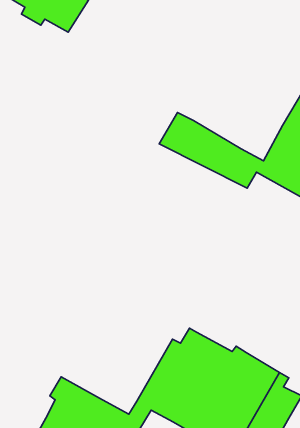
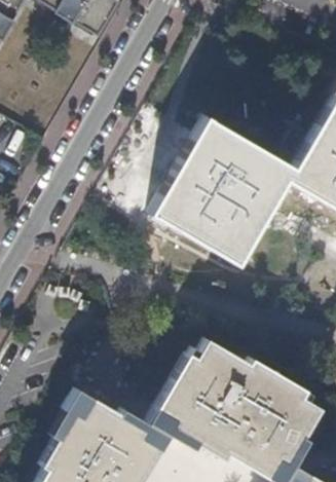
building: none -> [148,149,274,263]

